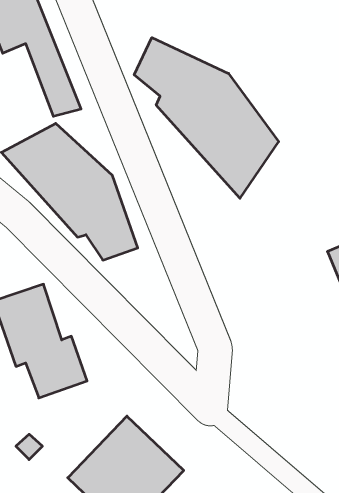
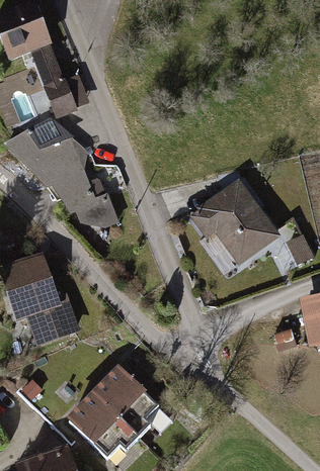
building: [134,38,279,198] -> none
building: none -> [191,182,282,269]

